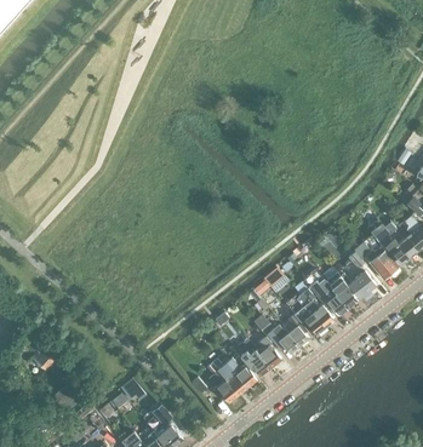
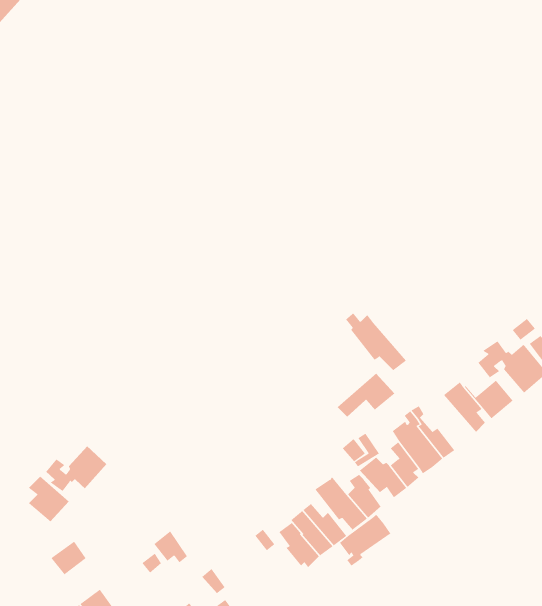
building: [304,274,348,315] -> [345,313,407,371]
building: none -> [45,446,107,492]
building: none -> [339,514,391,566]

